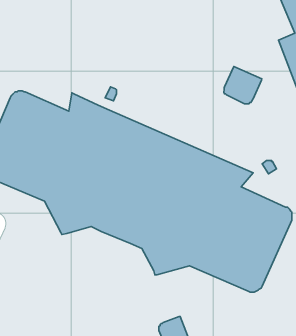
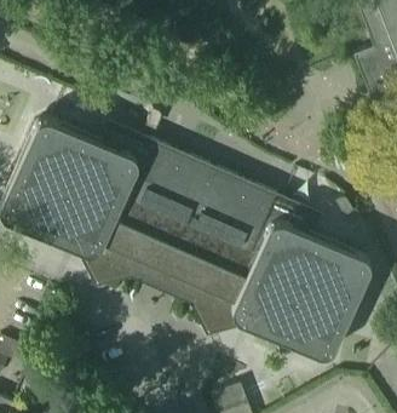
building: [224,67,262,104] -> none

